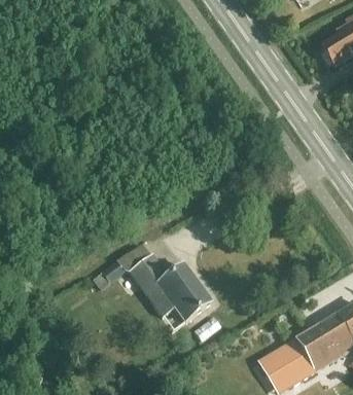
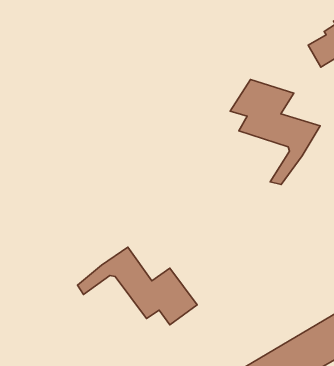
building: none -> [230,79,320,185]

